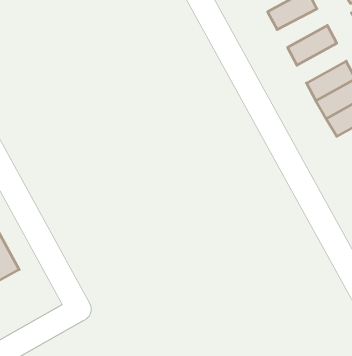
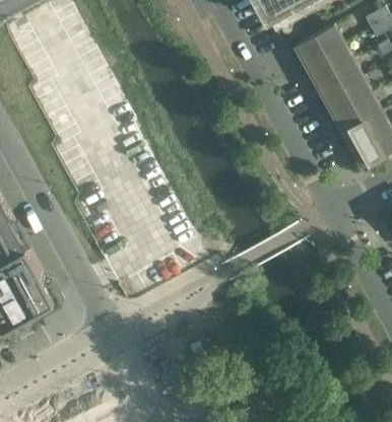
building: none -> [306,48,354,85]
building: none -> [325,81,373,120]

